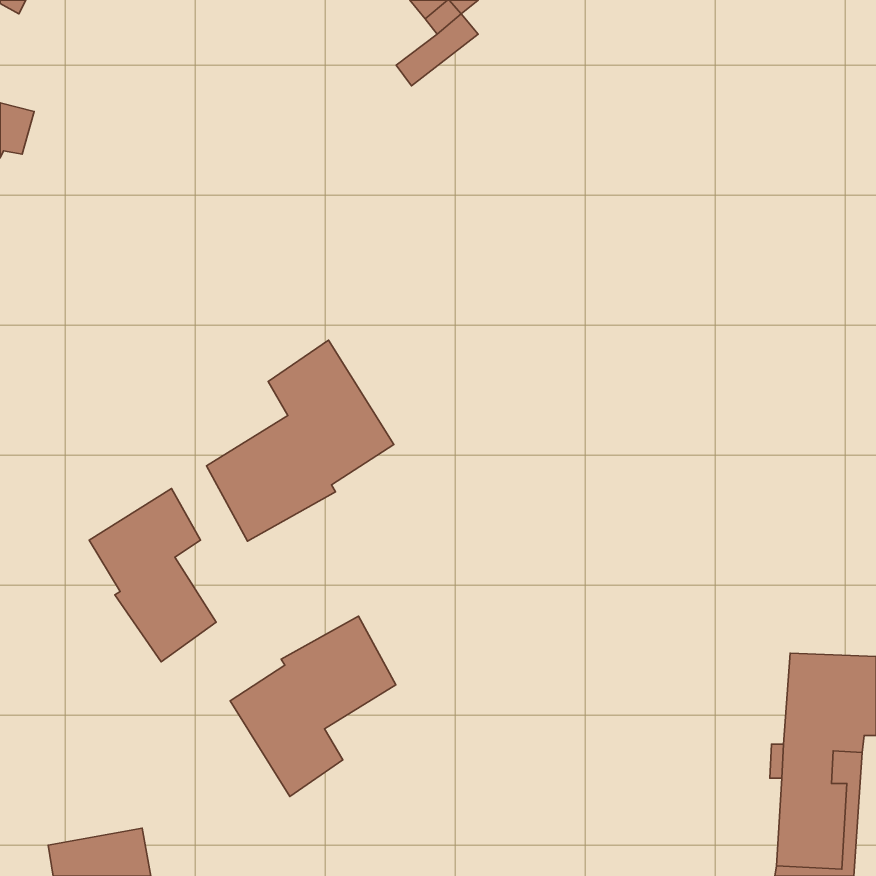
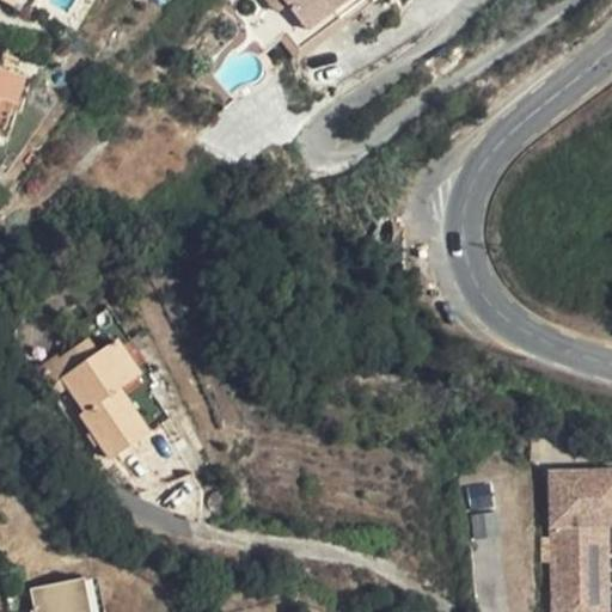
building: [207,340,394,541] -> none
building: [230,616,396,796] -> none

